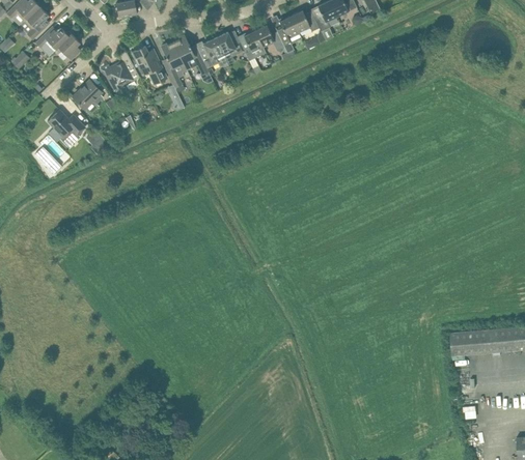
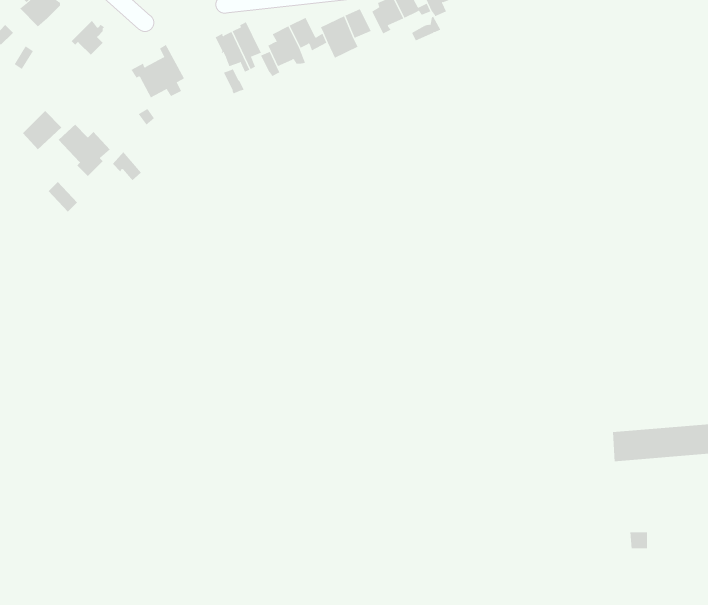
building: [35,26,72,54] -> none
building: [132,45,166,84] -> none
building: [73,80,102,109] -> [22,110,62,150]

